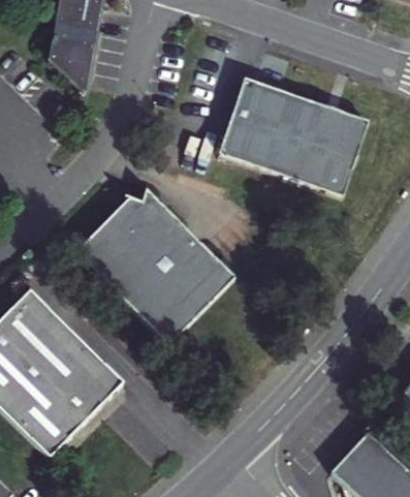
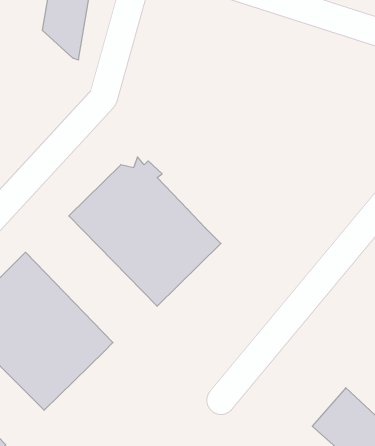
building: [219,80,369,197] -> none

